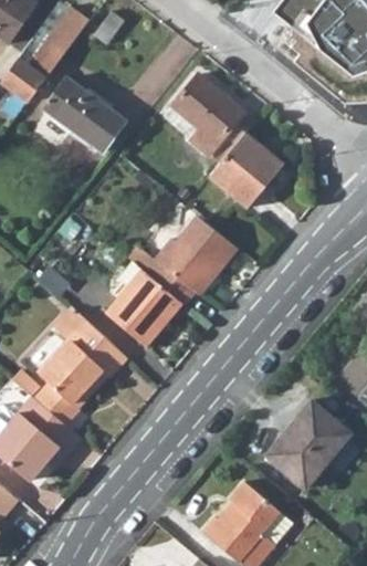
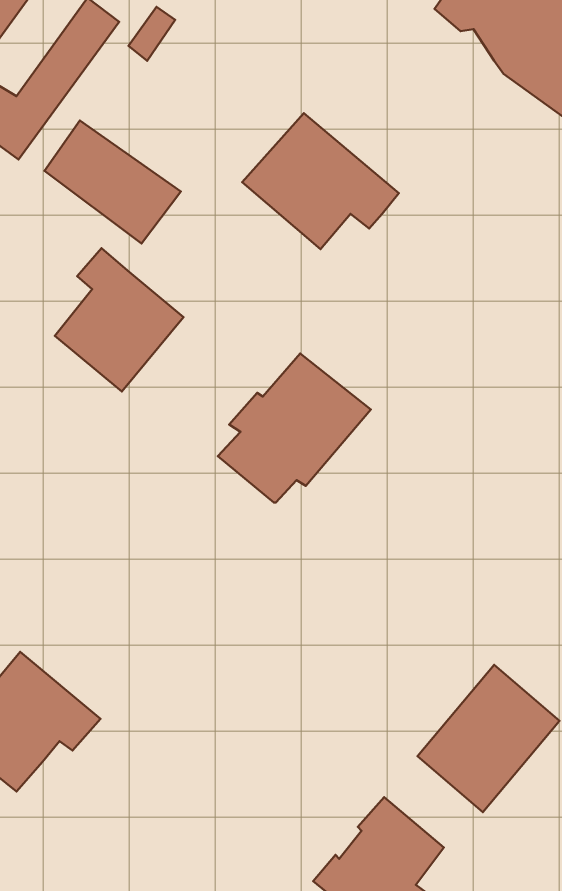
building: [210,134,284,208] -> none
building: [105,264,181,349] -> [55,248,183,392]
building: [40,321,127,408] -> none

